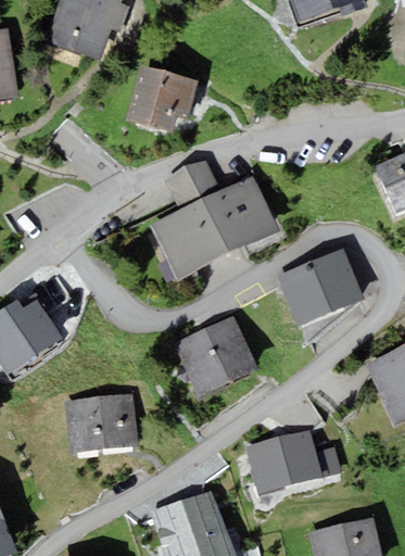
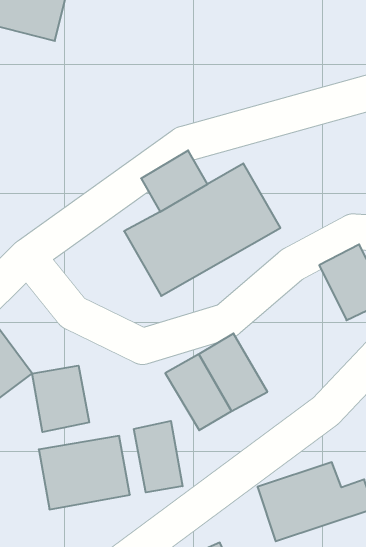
building: [126,65,198,132] -> none
building: [277,264,329,326] -> none
building: none -> [32,366,89,432]
building: none -> [134,421,183,492]

